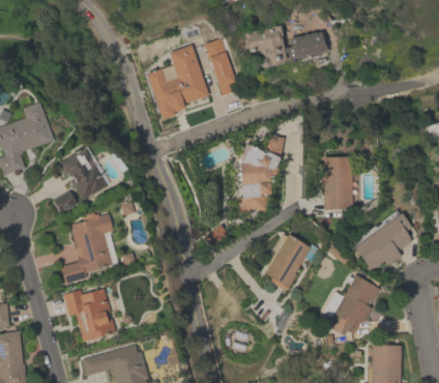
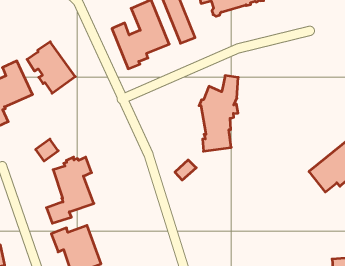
building: [58,143,110,200] -> [27,42,75,93]
building: [321,157,352,210] -> none
building: [264,234,310,291] -> none
building: [321,274,379,336] -> none

